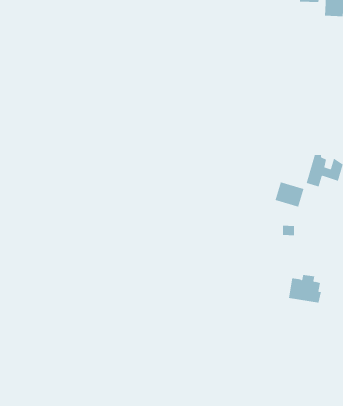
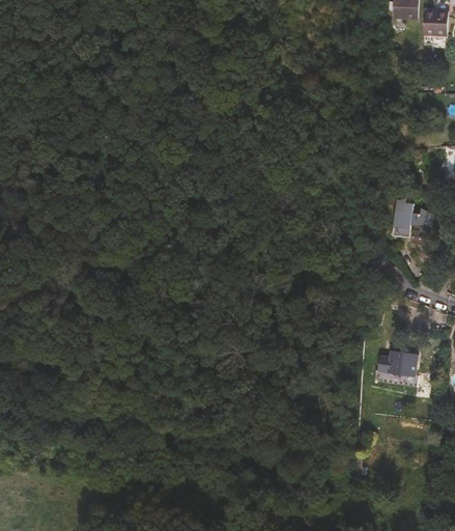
building: [275,181,304,208] -> none

